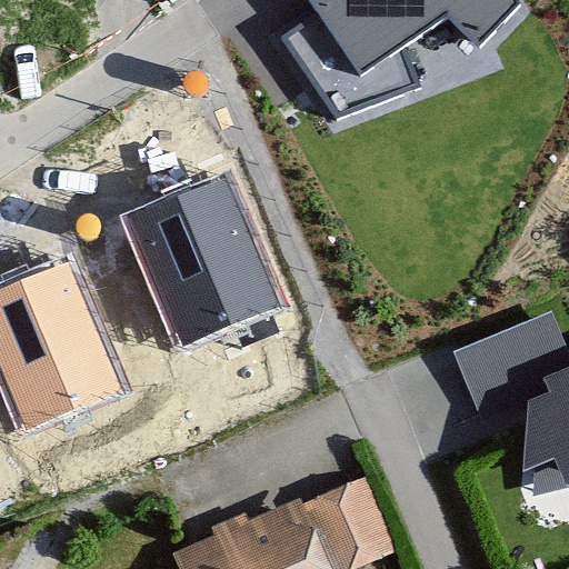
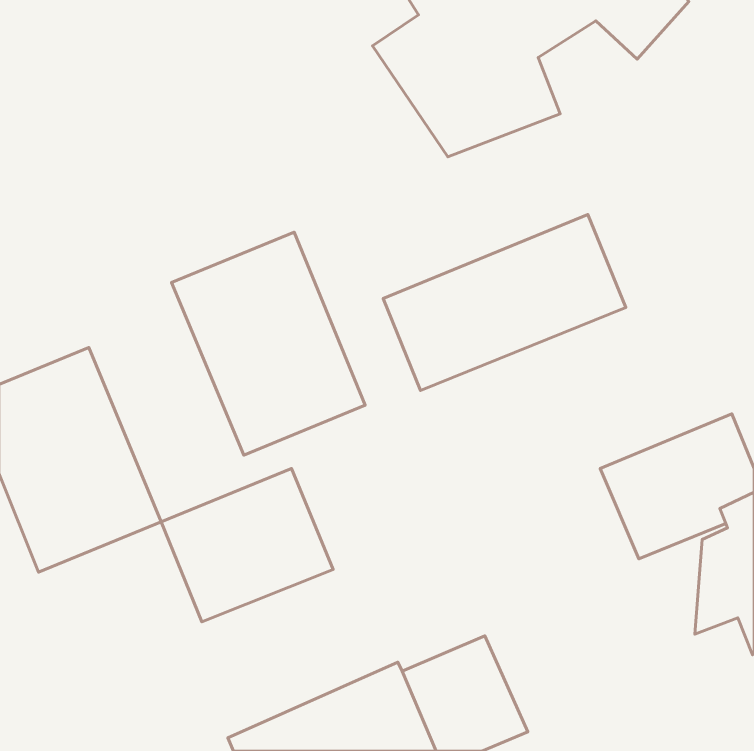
building: none -> [383,215,626,391]
building: none -> [161,468,333,622]

